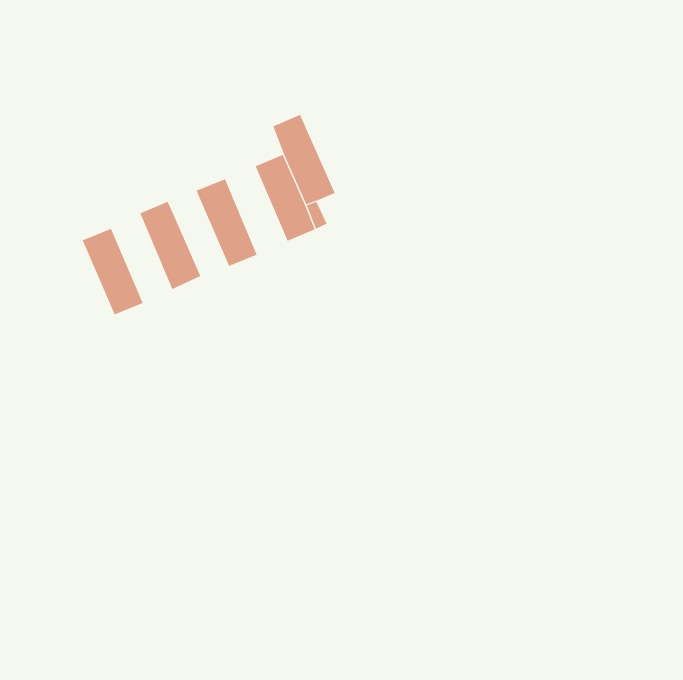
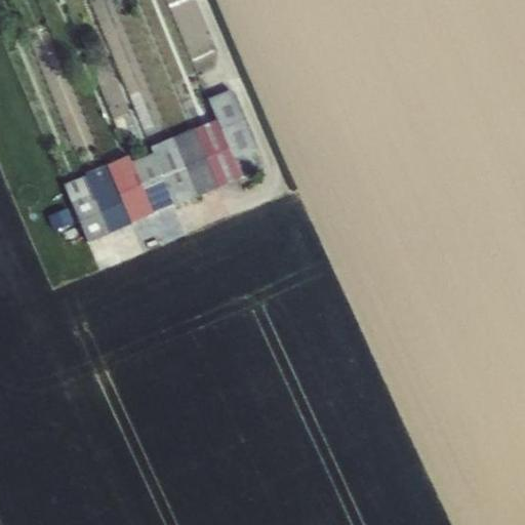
building: none -> [172,127,219,195]
building: none -> [131,151,174,211]
building: none -> [84,163,131,232]

